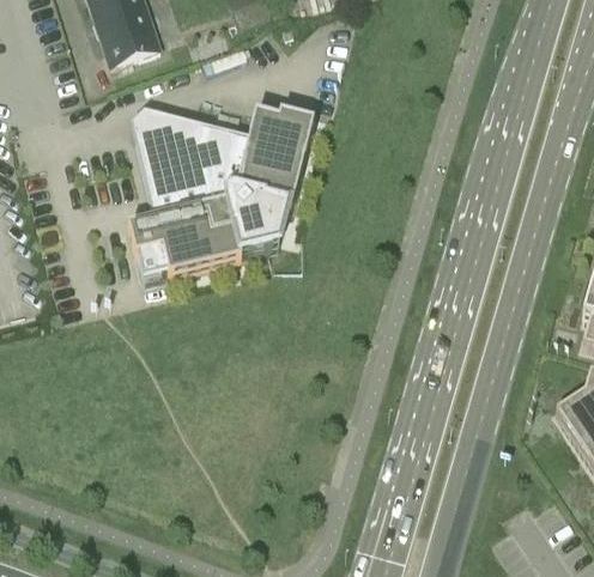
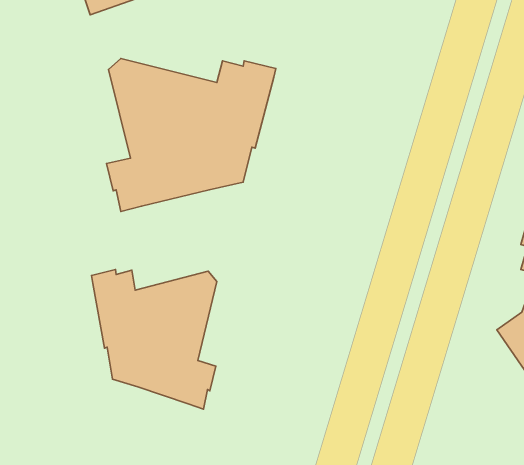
building: none -> [91,270,217,409]

